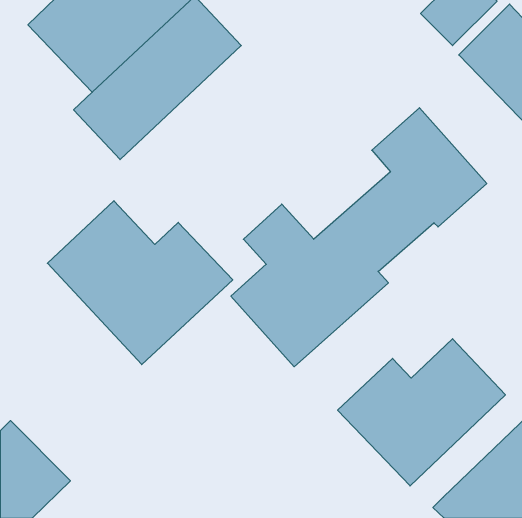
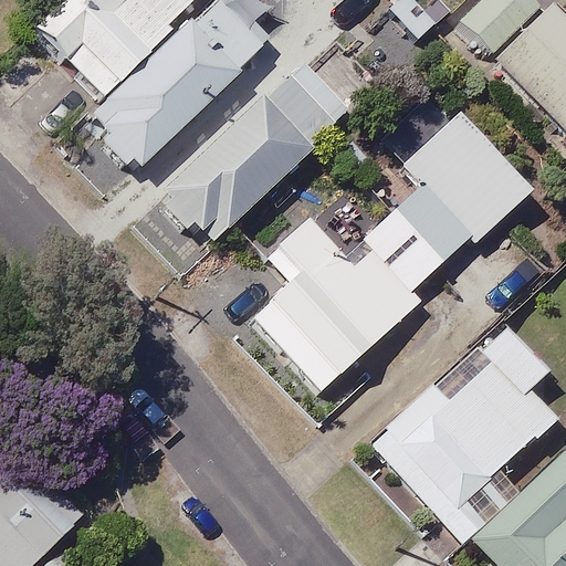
building: none -> [163,62,352,244]
building: [47,201,233,365] -> none

